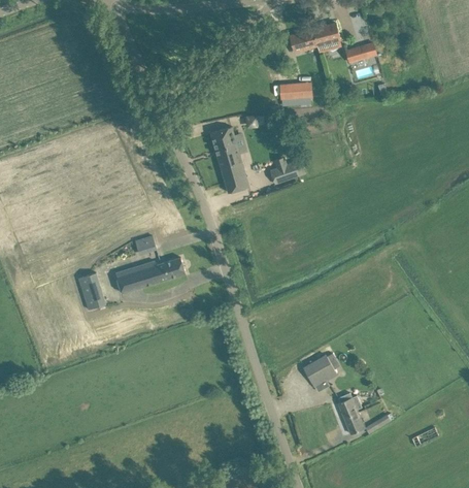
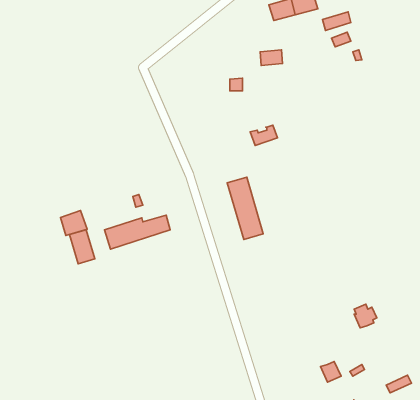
building: [210,126,248,192] -> [227,177,263,240]
building: none -> [60,211,87,236]
building: [303,355,336,387] -> none
building: [337,392,361,417] -> [354,304,377,328]

